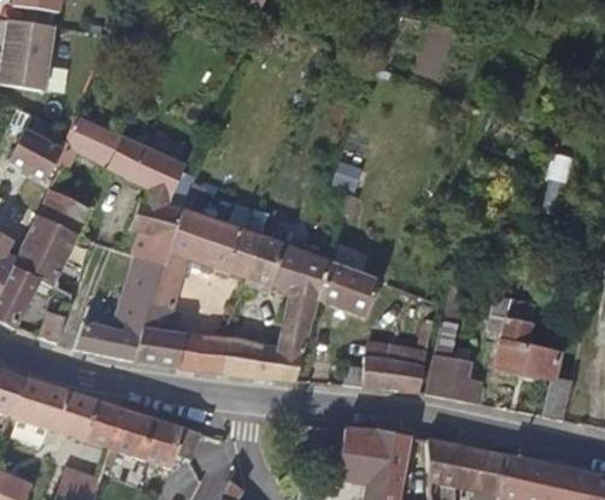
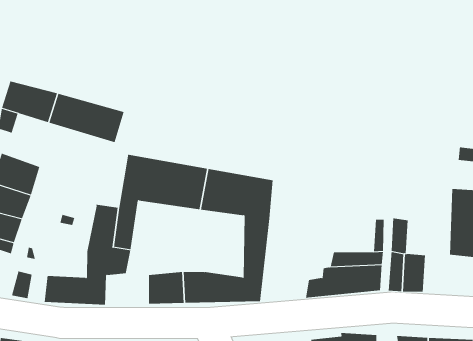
building: [129,196,183,263] -> none
building: [318,260,378,314] -> none
building: [136,330,184,366] -> none

